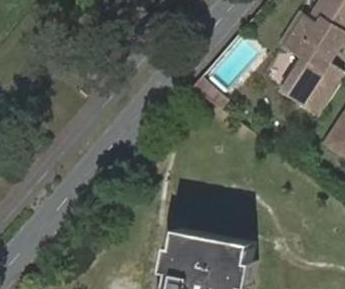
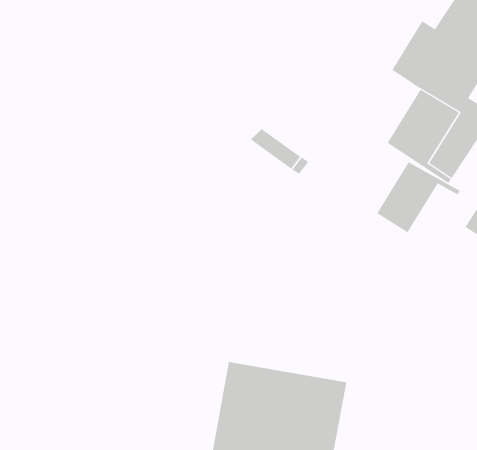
building: none -> [377,161,460,233]

